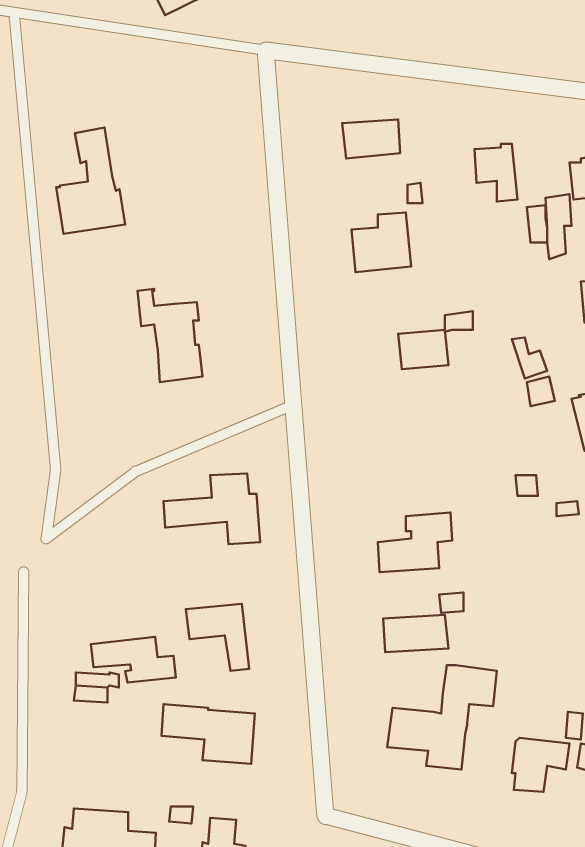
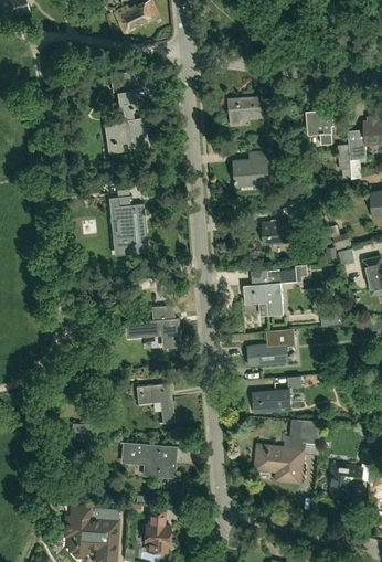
building: [56,128,125,234] -> [105,89,146,152]
building: none -> [243,268,297,316]
building: [91,637,176,682] -> none

